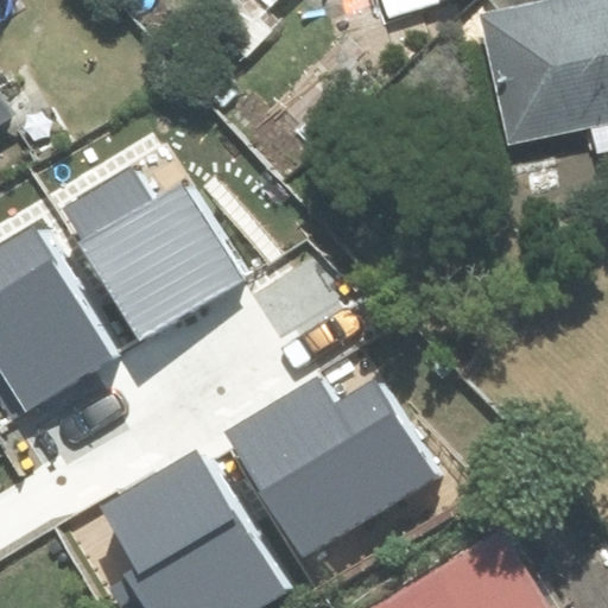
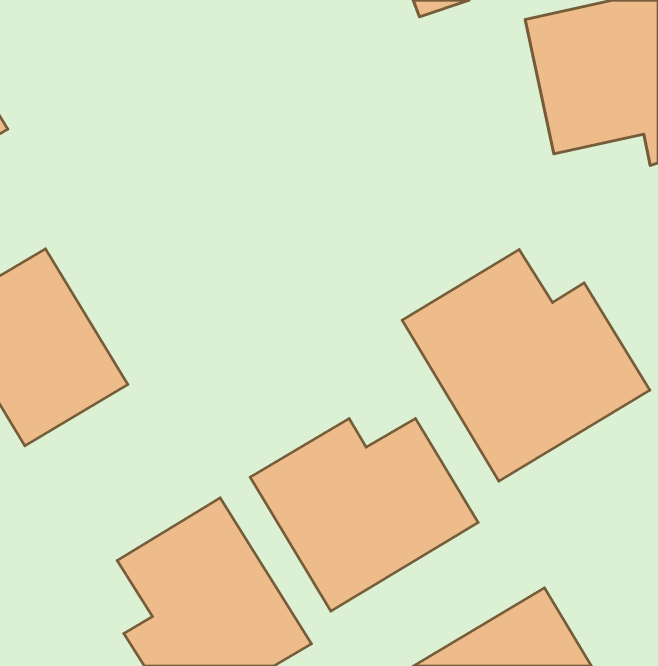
building: [64,169,241,335] -> none
building: none -> [402,249,650,481]

